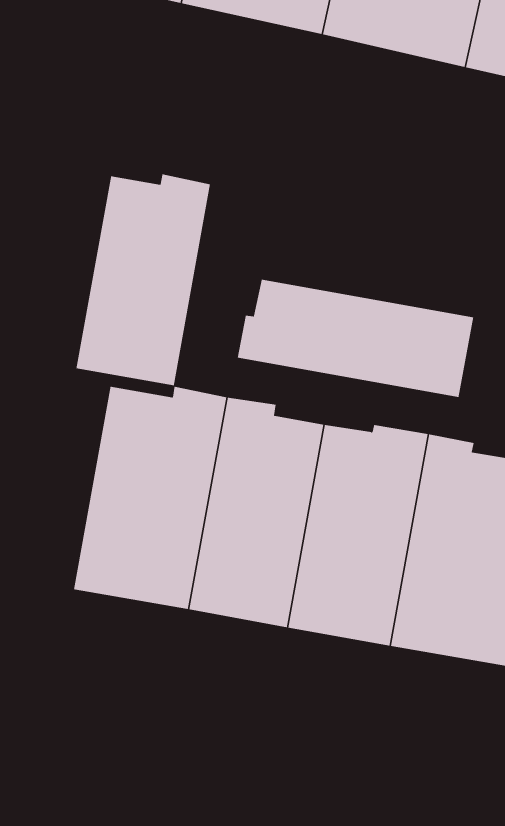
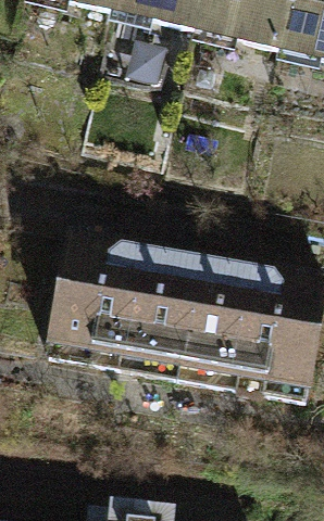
building: [76,174,211,386] -> none
building: [237,279,474,398] -> none

